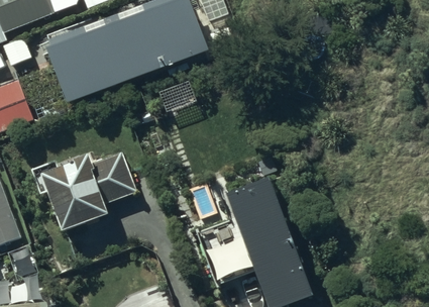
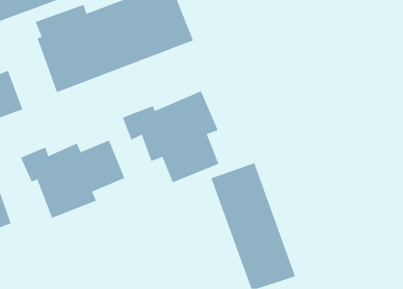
building: none -> [122,91,219,183]

